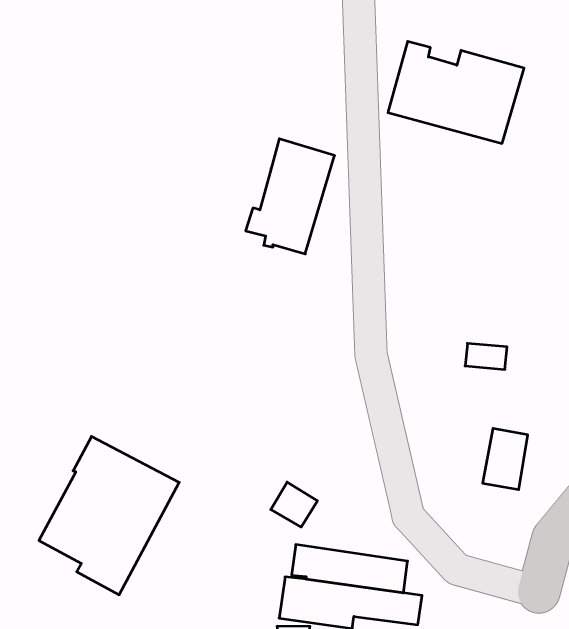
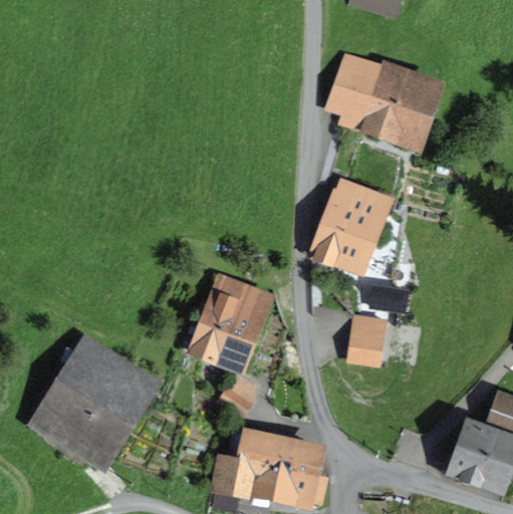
building: [246,139,335,254] -> [313,183,386,272]
building: none -> [199,282,263,367]
building: [483,428,528,490] -> [349,316,387,364]

